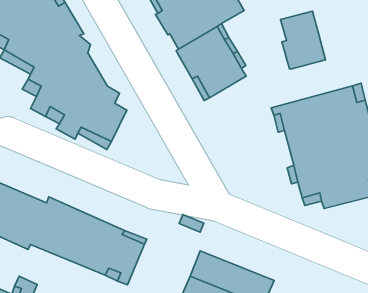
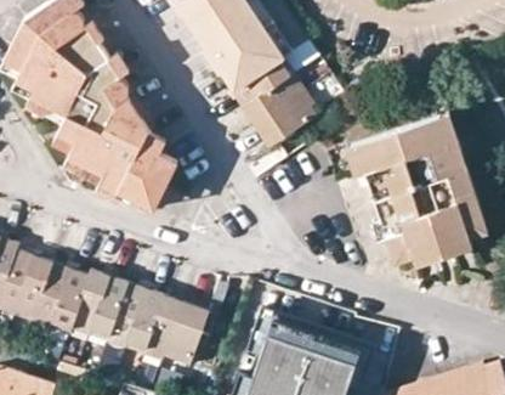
building: [281,11,325,69] -> none

